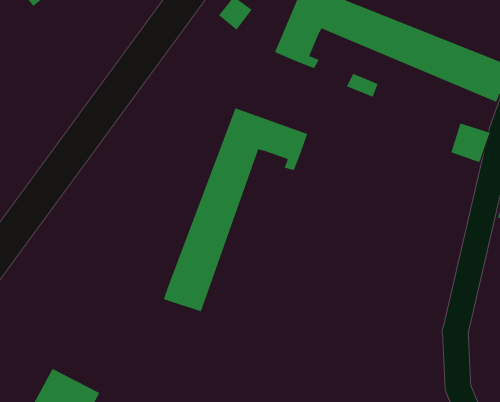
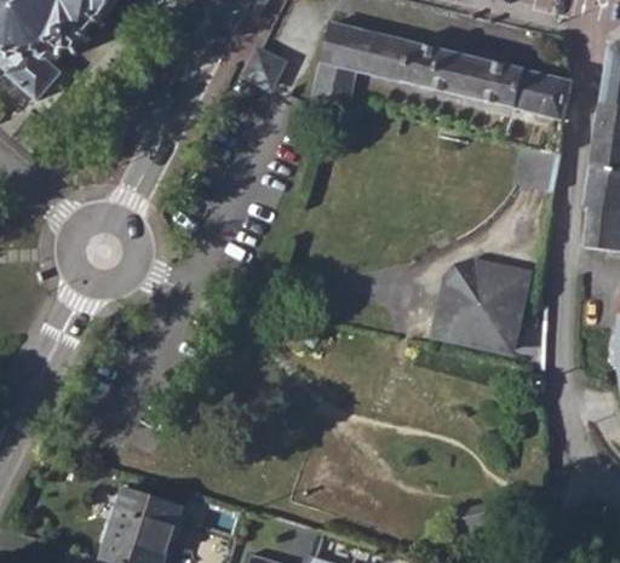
building: [163,108,308,312] -> none
building: none -> [423,255,530,358]

